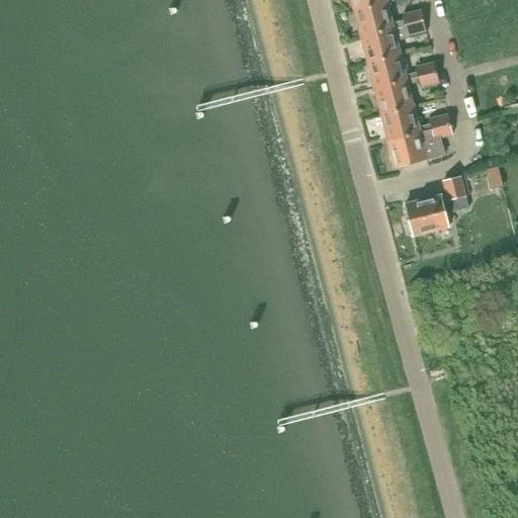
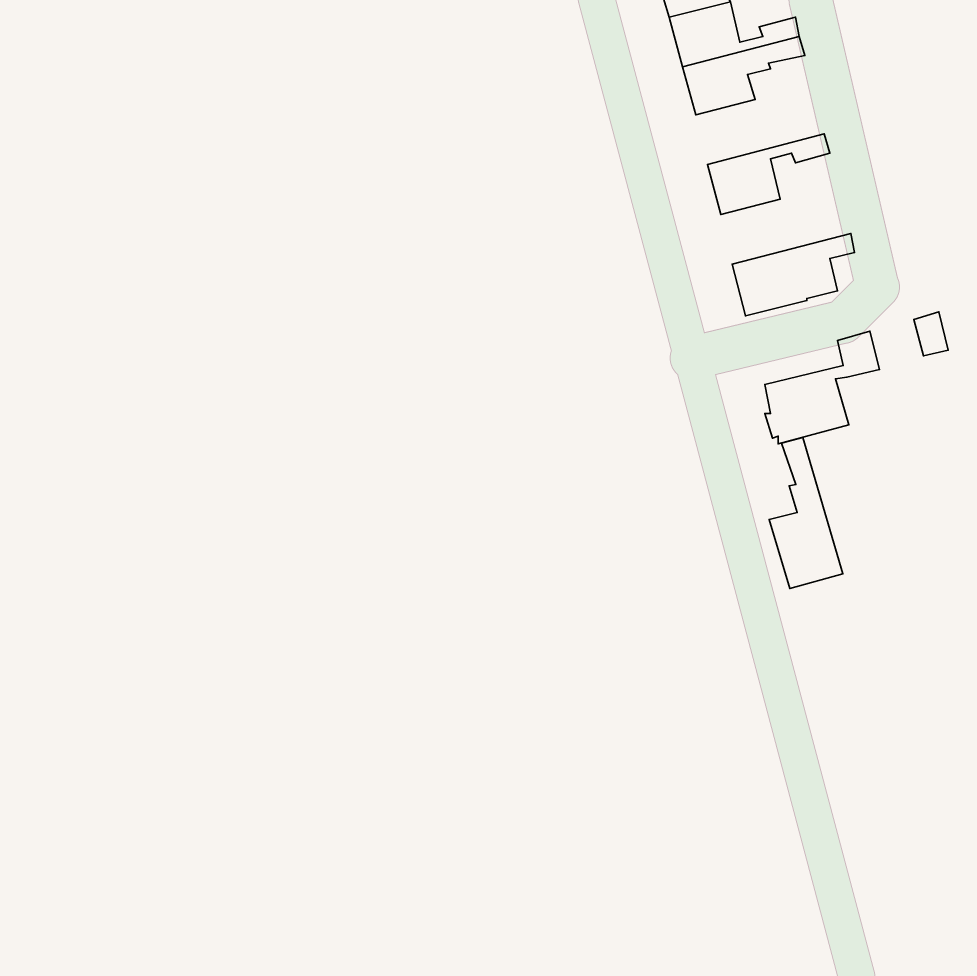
building: [368,53,436,87] -> none
building: [381,105,450,140] -> none
building: none -> [769,438,843,588]

